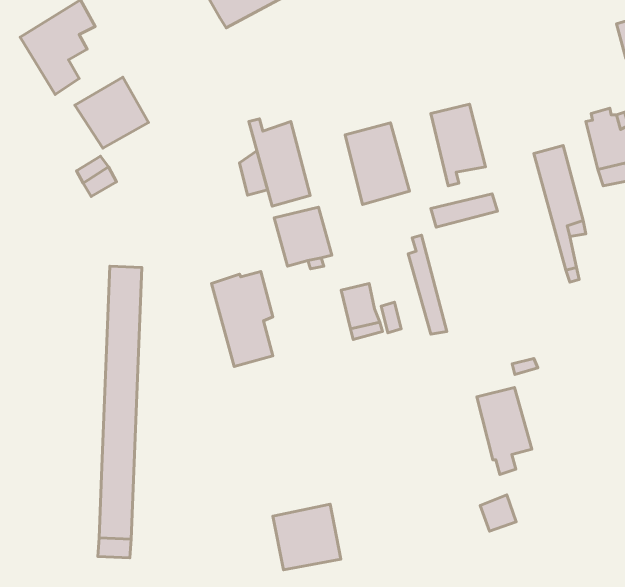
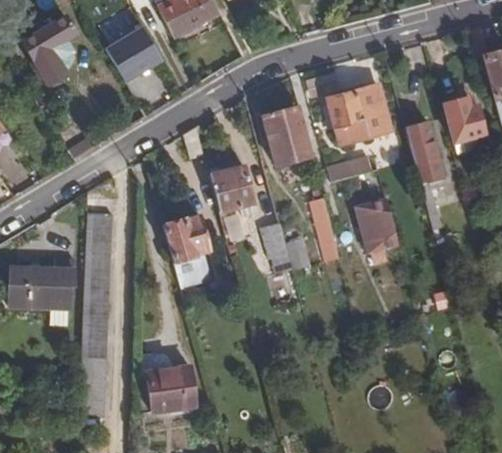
building: [75,77,148,148] -> [105,27,160,80]
building: none -> [357,84,392,137]
building: [249,119,310,206] -> none
building: none -> [10,252,77,302]
building: [477,387,532,474] -> [358,199,399,264]
building: [273,504,341,570] -> [147,365,198,414]

